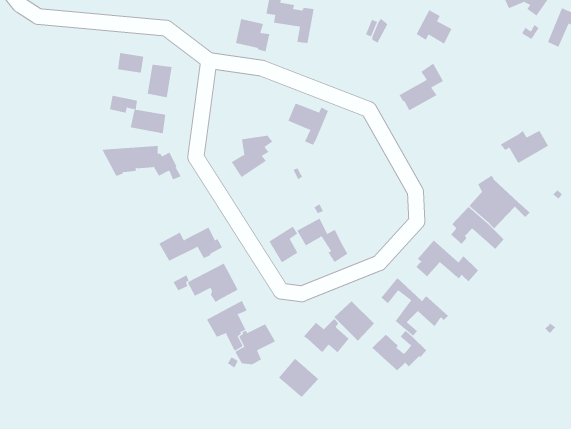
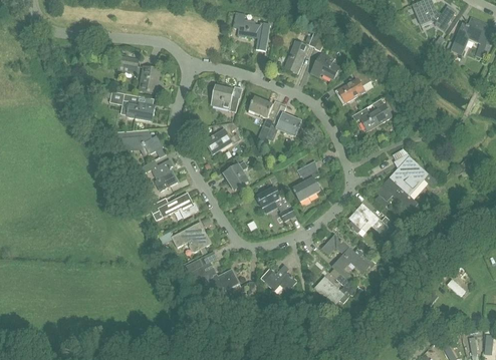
building: [416,10,452,44] -> [310,52,338,79]
building: [235,19,270,52] -> [211,85,238,111]
building: none -> [283,40,307,72]
building: none -> [270,102,301,136]
building: [500,130,549,164] -> [352,103,391,129]
building: none -> [136,158,177,191]
building: none -> [292,159,320,201]
building: [269,226,298,263] -> [224,160,247,190]
building: [333,300,375,341] -> none
building: [278,358,319,398] -> none

